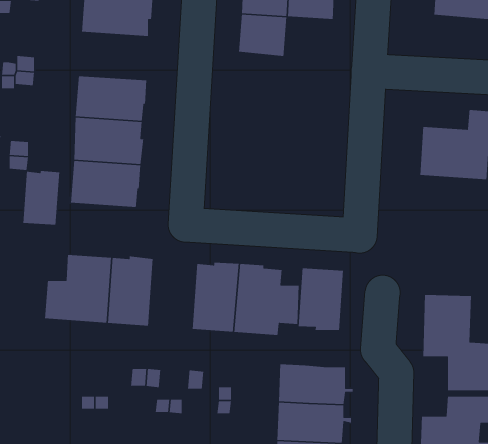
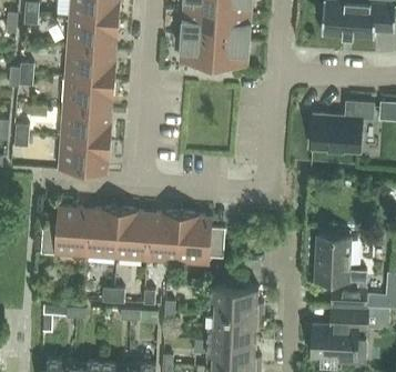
building: none -> [213,36,248,67]
building: none -> [64,47,115,81]
building: [22,170,60,226] -> none
building: none -> [115,210,150,261]
building: [298,267,344,331] -> none

